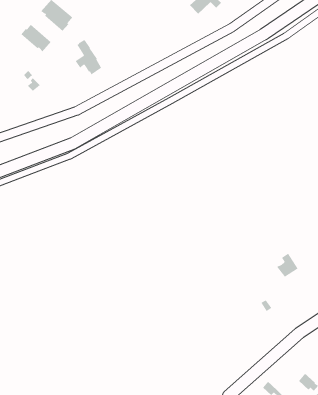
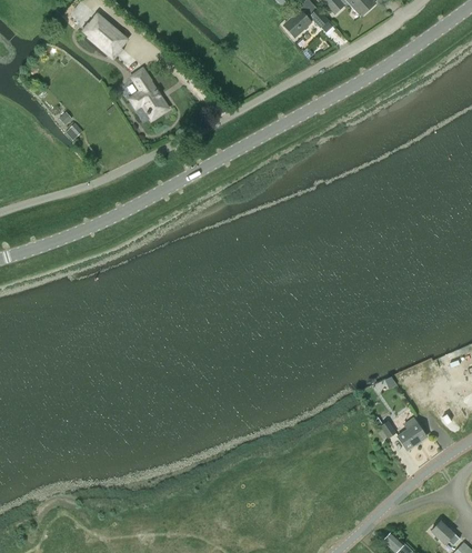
building: [21,24,51,52] -> none
building: [276,253,299,278] -> [396,416,426,450]

